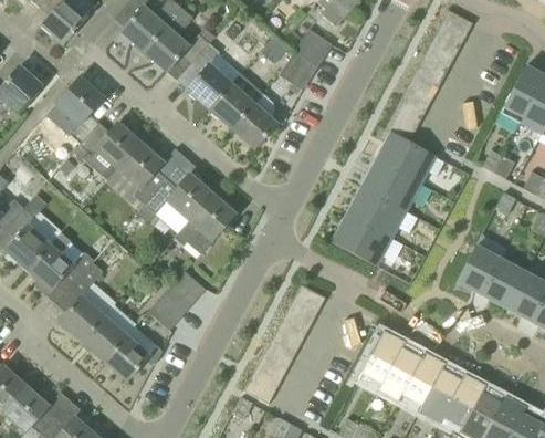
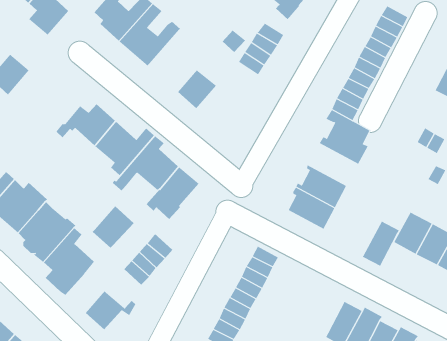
building: [177,38,240,108] -> none
building: [56,77,104,145] -> none
building: [232,93,277,148] -> none
building: [358,167,417,216] -> none
building: none -> [92,206,135,248]
building: [83,316,127,361] -> none
building: [358,332,403,384] -> [360,221,400,266]

